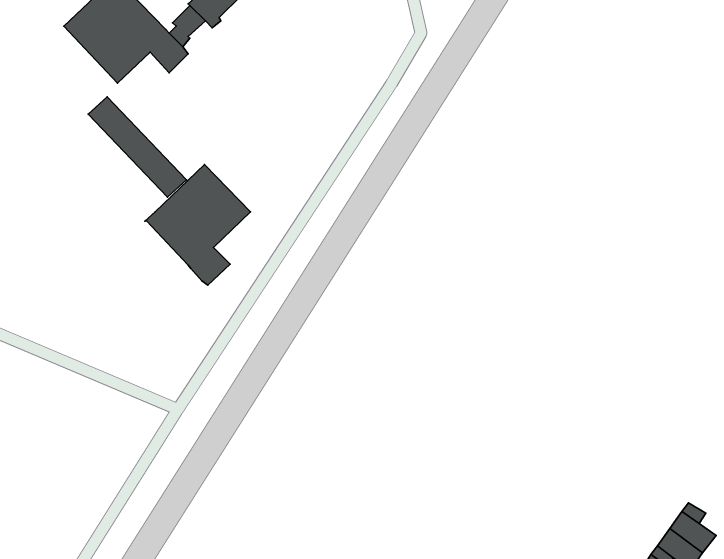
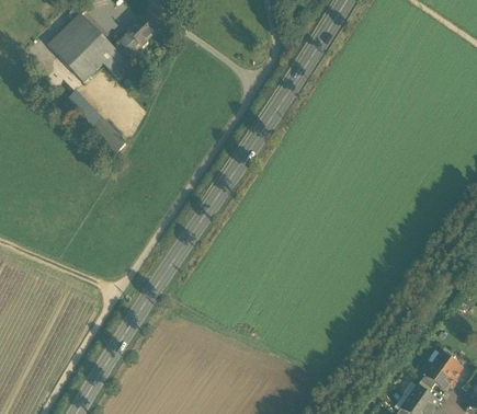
building: [145,165,251,285] -> none

